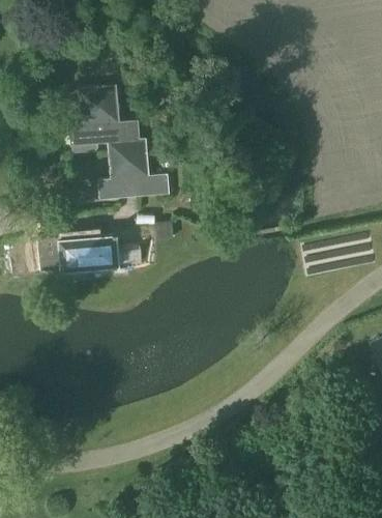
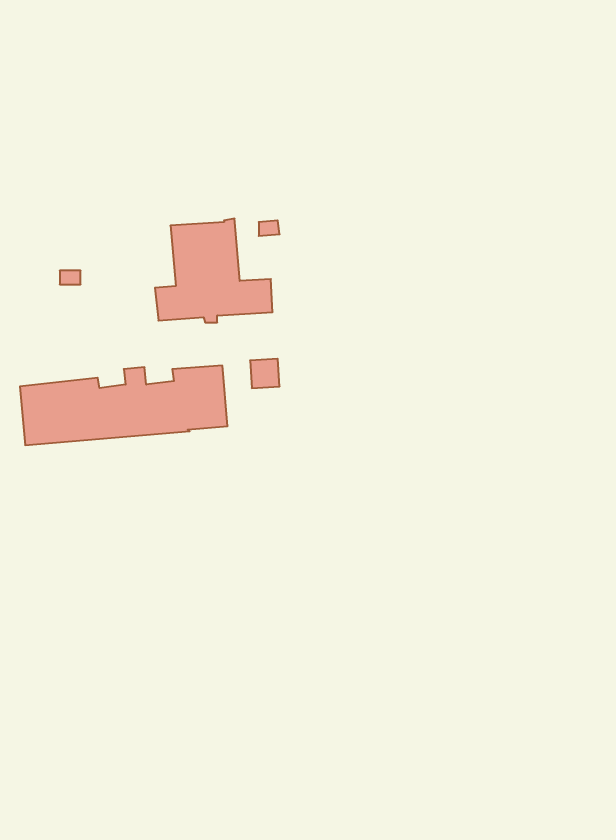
building: [67,84,138,152] -> none

